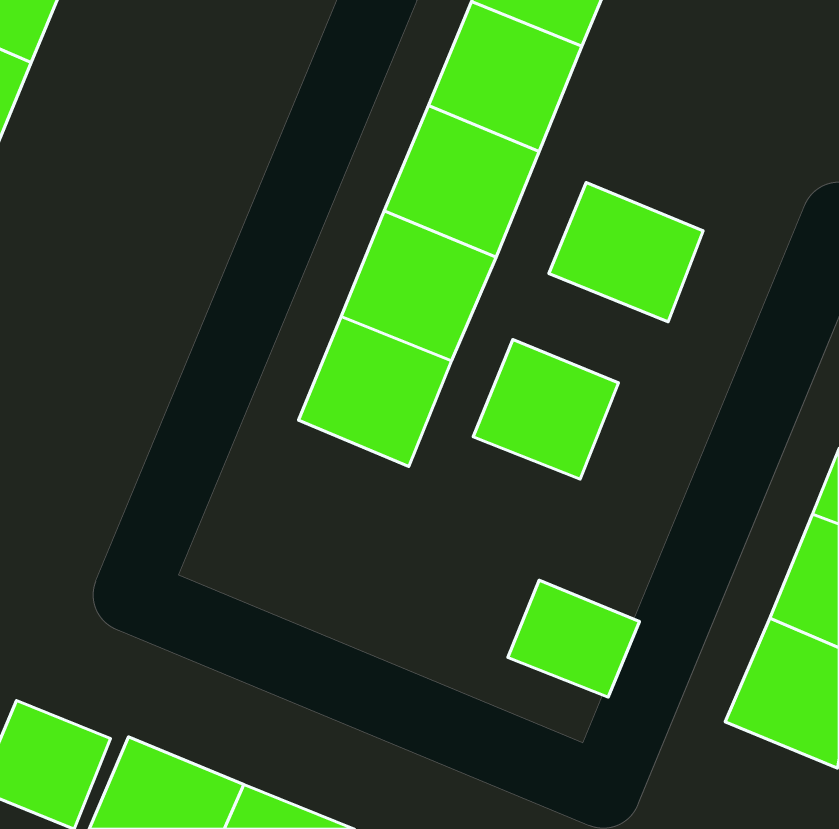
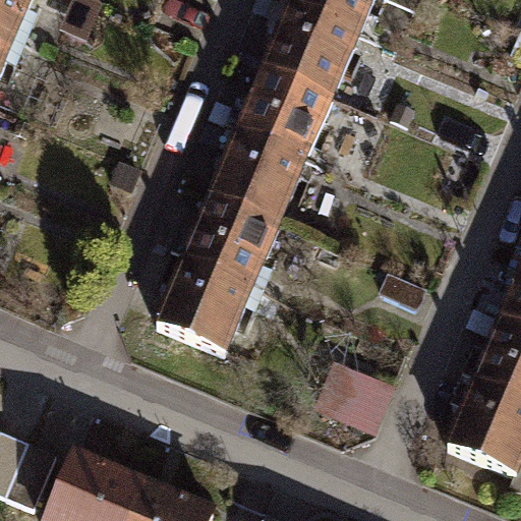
building: [549,183,703,322] -> none
building: [473,340,618,479] -> none
building: none -> [157,259,252,353]

